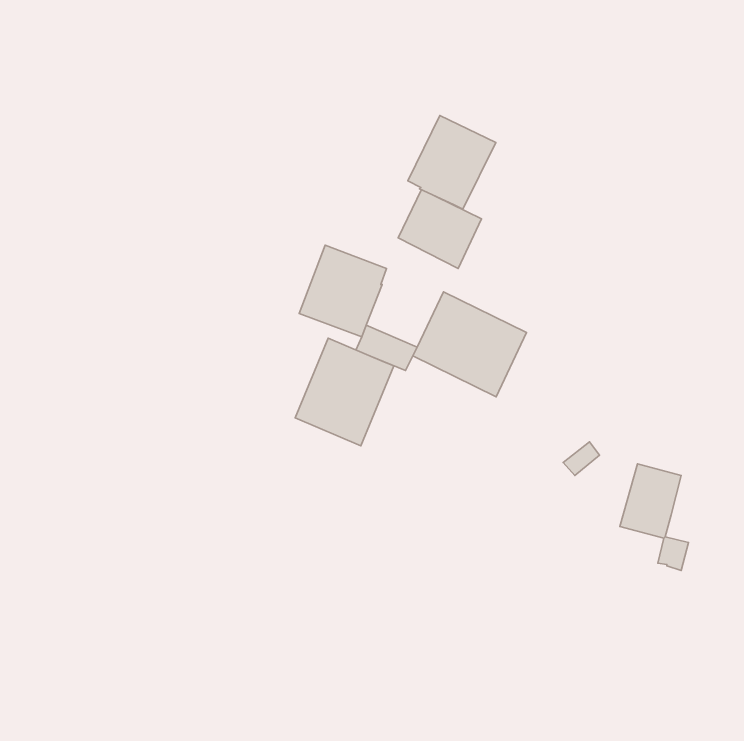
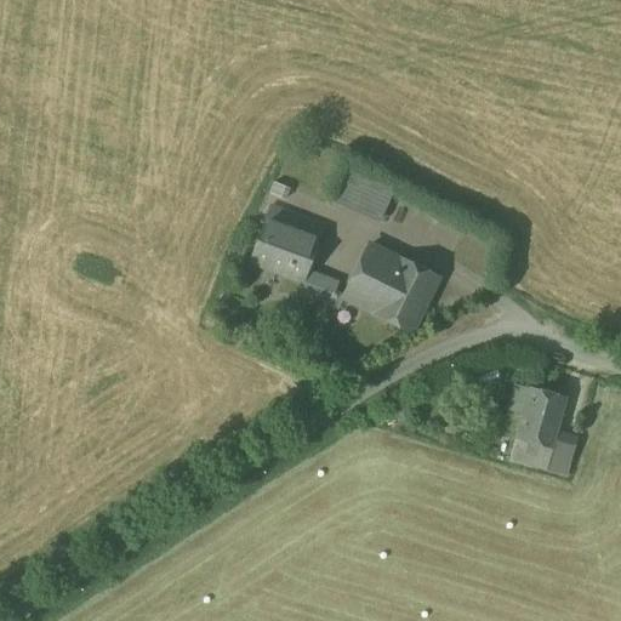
building: [408,115,496,209] -> none
building: [295,338,394,446] -> none
building: none -> [511,438,553,468]

